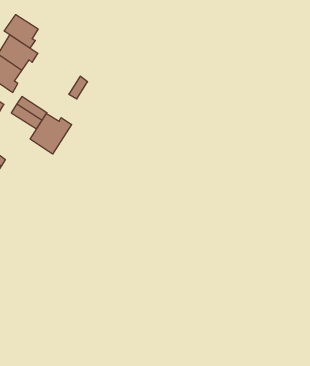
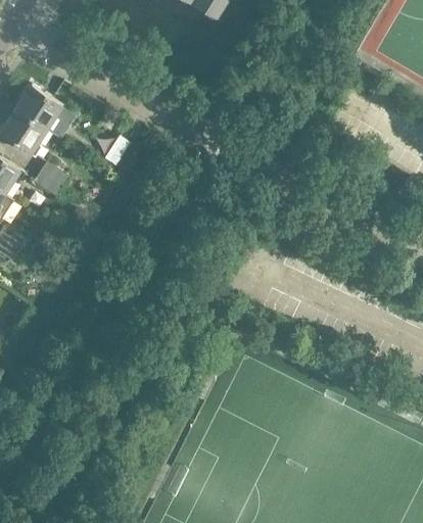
building: [4,15,38,48] -> none
building: [30,113,72,154] -> none

